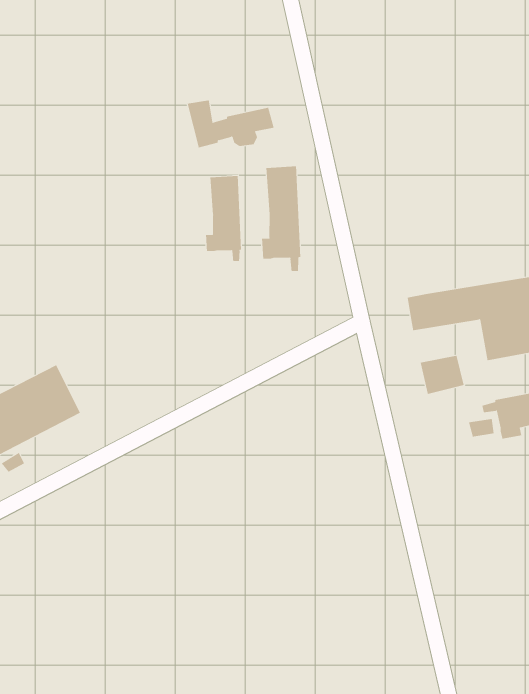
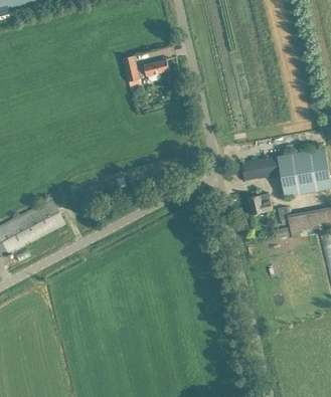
building: [262,166,301,272] -> none
building: [206,175,242,262] -> none

